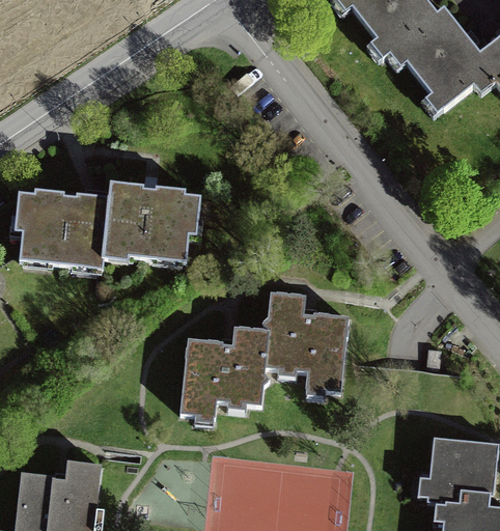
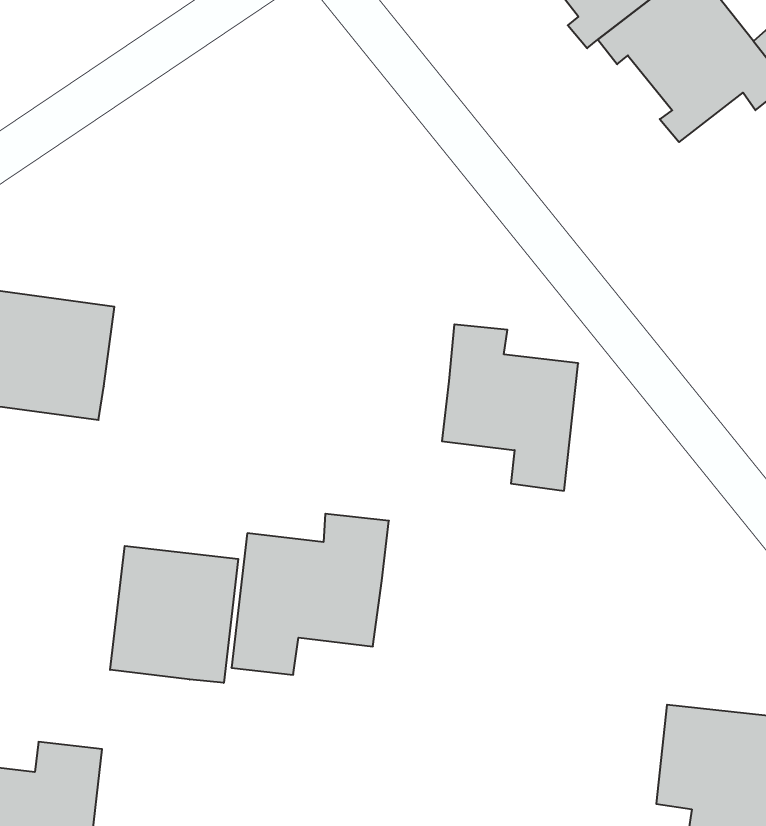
building: [103,183,201,264] -> none
building: [266,298,345,395] -> [442,324,578,491]
building: none -> [110,546,238,683]

